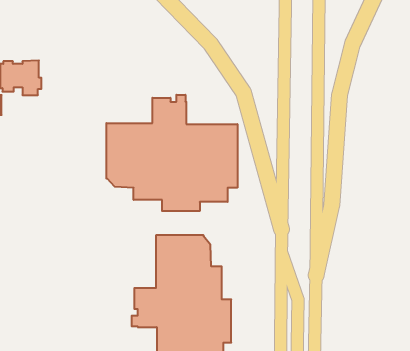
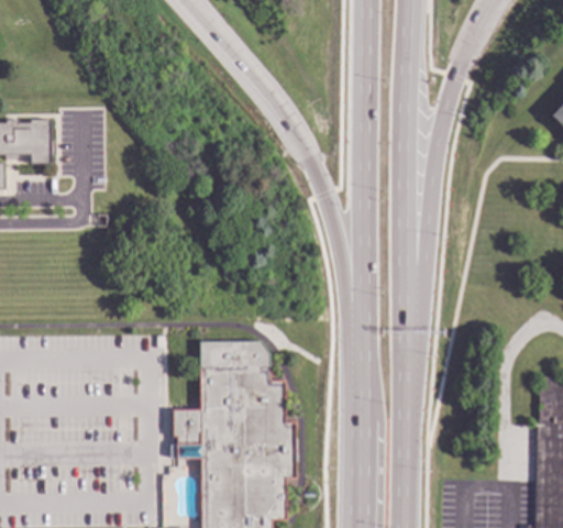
building: [106,95,237,211] -> none

